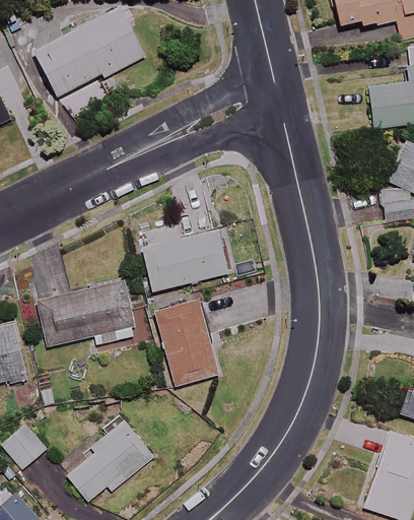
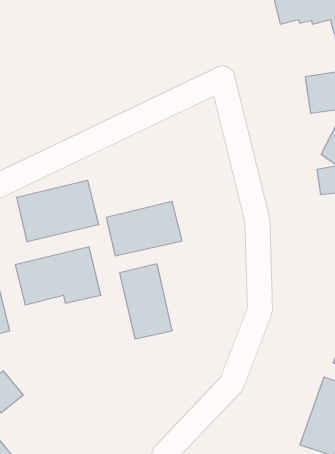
building: [32,8,143,99] -> none
building: none -> [17,180,99,242]
building: [66,414,153,503] -> none

